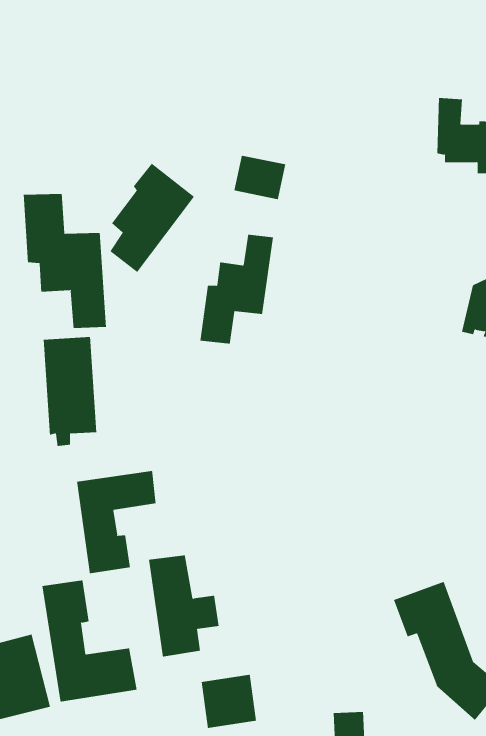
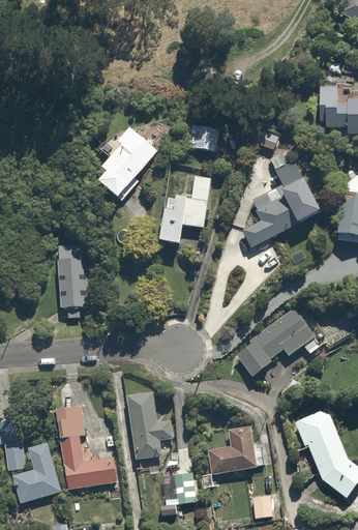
building: [23,193,106,329] -> none
building: none -> [239,157,322,251]
building: none -> [234,305,318,381]
building: [76,470,156,574] -> none
building: none -> [200,422,259,474]

